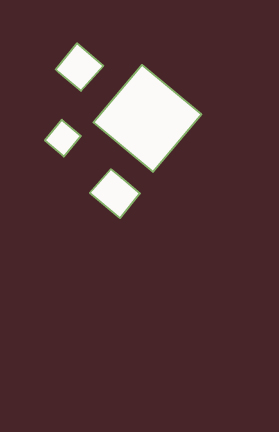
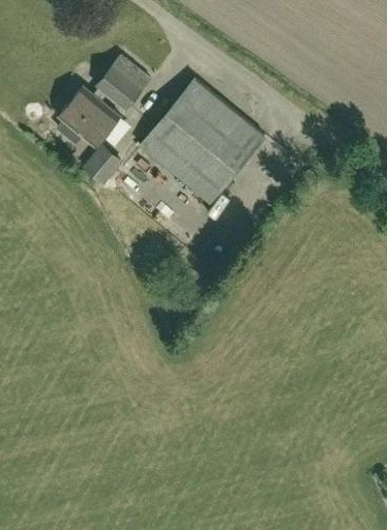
building: none -> [57,85,119,147]
building: [90,169,140,218] -> none

